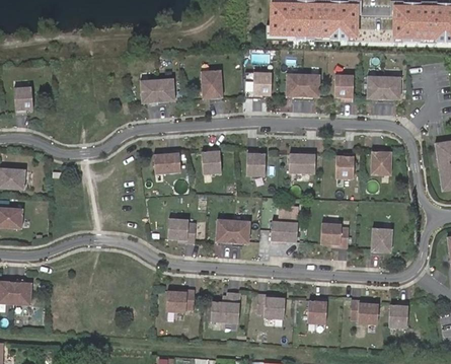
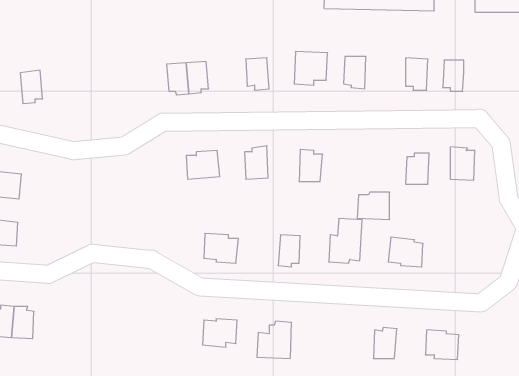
building: [302,75,319,101] -> none
building: [382,78,399,103] -> none
building: [290,153,316,175] -> [357,192,390,220]
building: [215,220,233,246] -> none
building: [372,228,391,254] -> none
building: [259,293,287,318] -> none
building: [387,300,407,326] -> none

